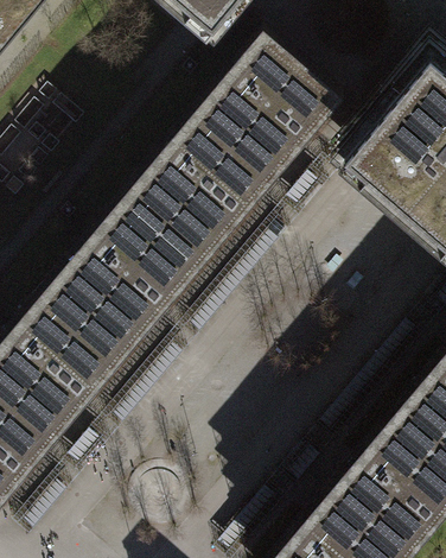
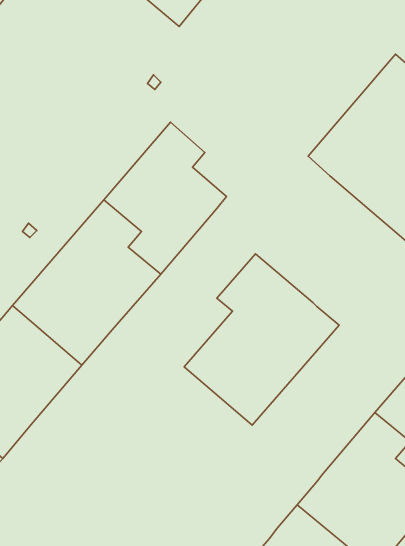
building: [203,46,334,194] -> none
building: none -> [184,254,339,425]

